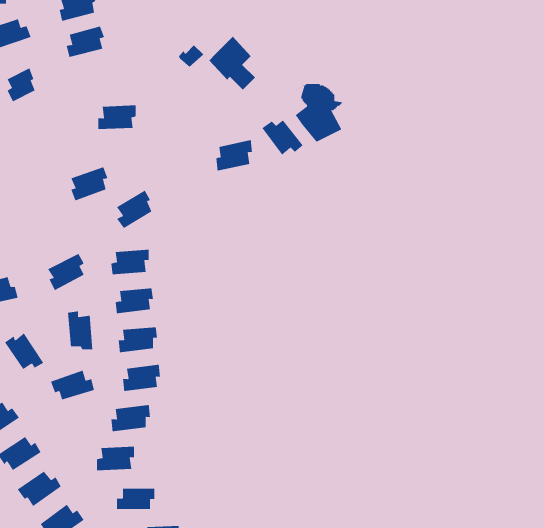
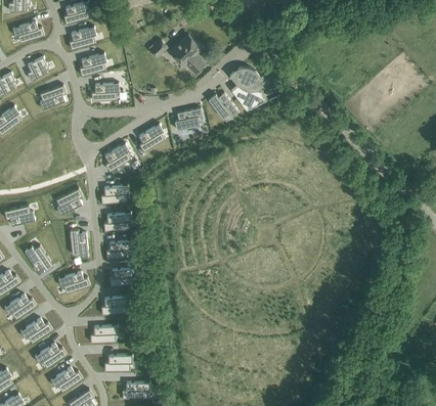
building: none -> [79,52,106,75]
building: none -> [138,123,165,150]
building: [71,167,108,201] -> [39,84,66,108]

